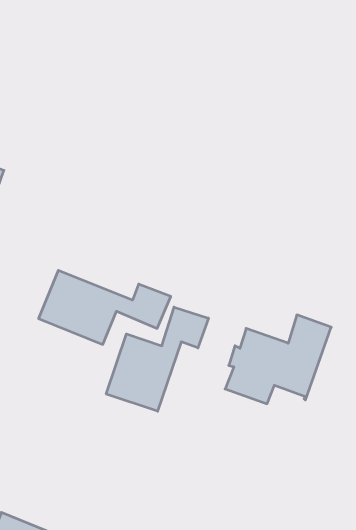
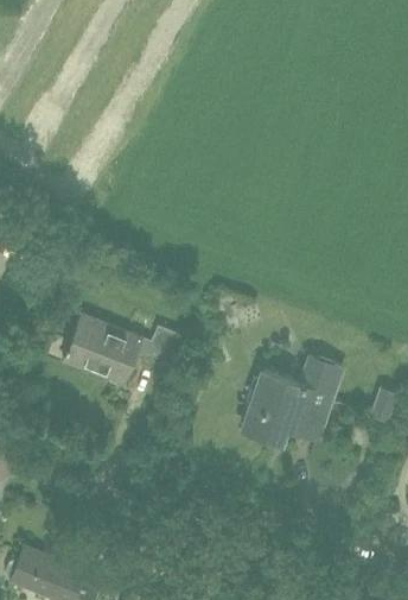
building: [106,307,208,411] -> none

